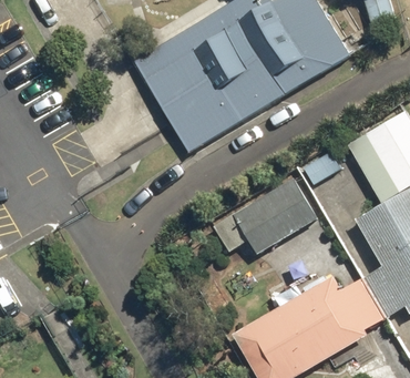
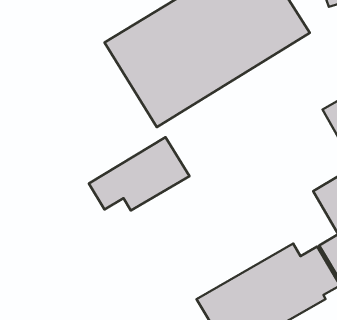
building: [211,176,317,254] -> [89,137,190,211]

